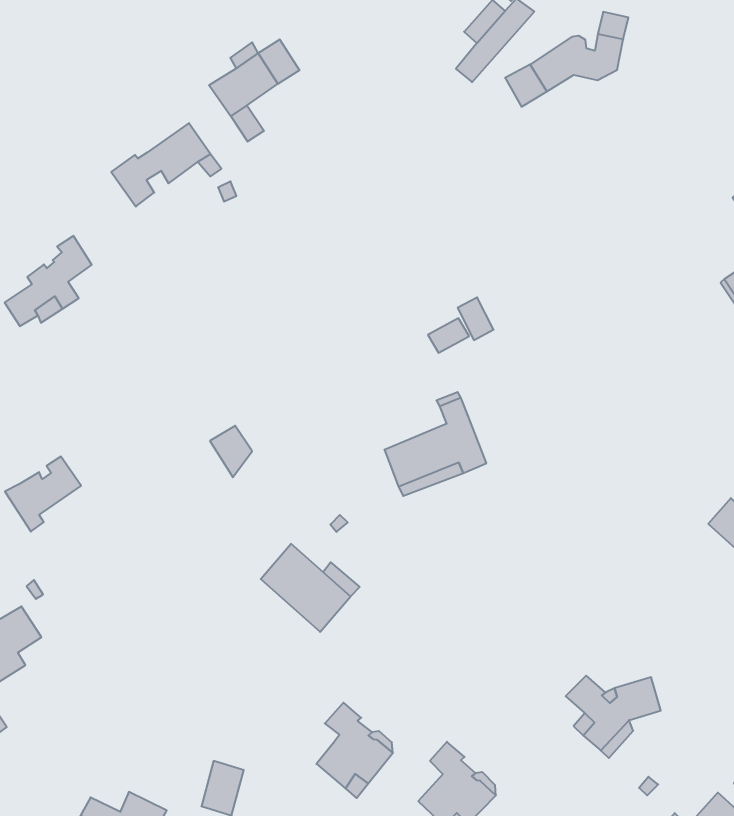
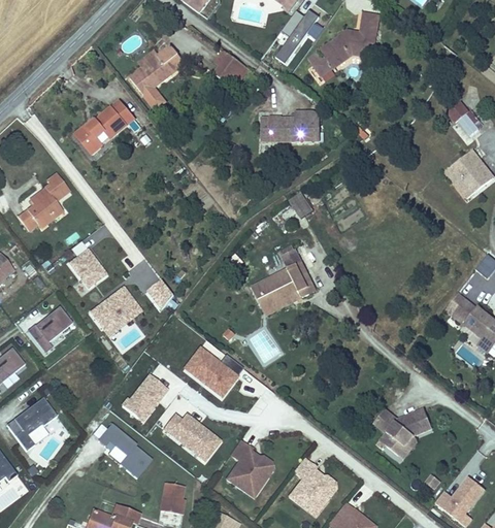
building: none -> [210,50,244,84]
building: none -> [261,109,319,138]
building: none -> [69,249,109,290]
building: none -> [91,287,141,336]
building: none -> [126,375,169,422]
building: none -> [164,414,222,462]
building: none -> [93,423,153,480]

